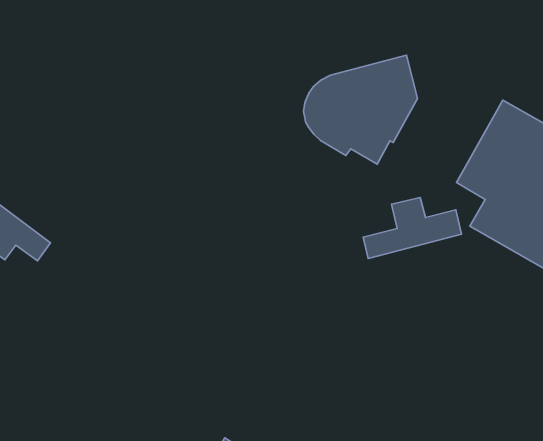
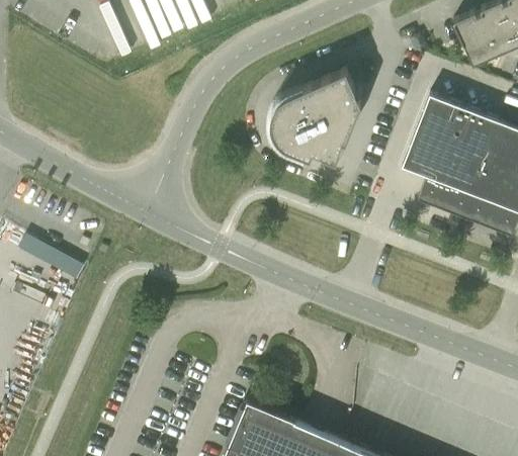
building: [363,197,462,259] -> none

